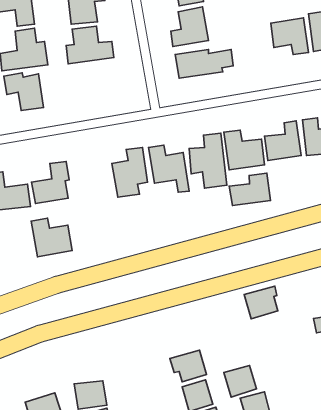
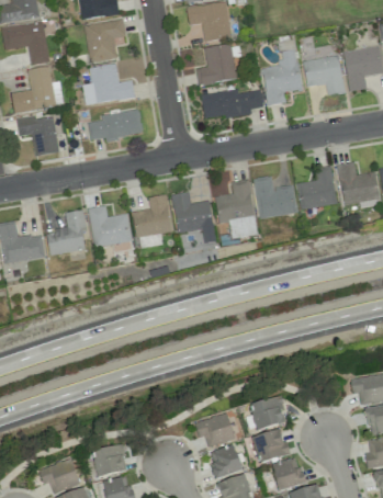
building: none -> [262,49,302,105]
building: none -> [89,109,144,139]
building: [229,173,271,205] -> none
building: [31,218,72,257] -> [88,205,132,247]
building: [244,286,278,319] -> [249,396,285,431]

